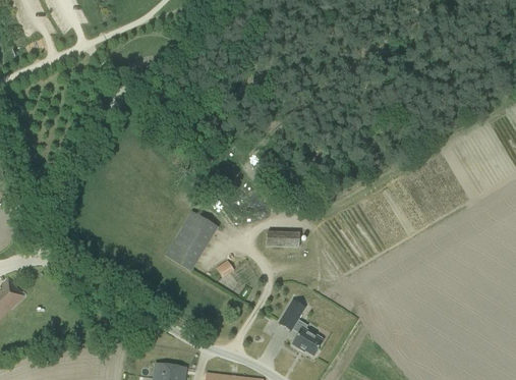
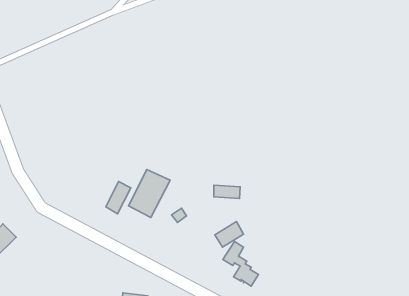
building: none -> [106,182,131,214]
building: none -> [215,221,244,247]

